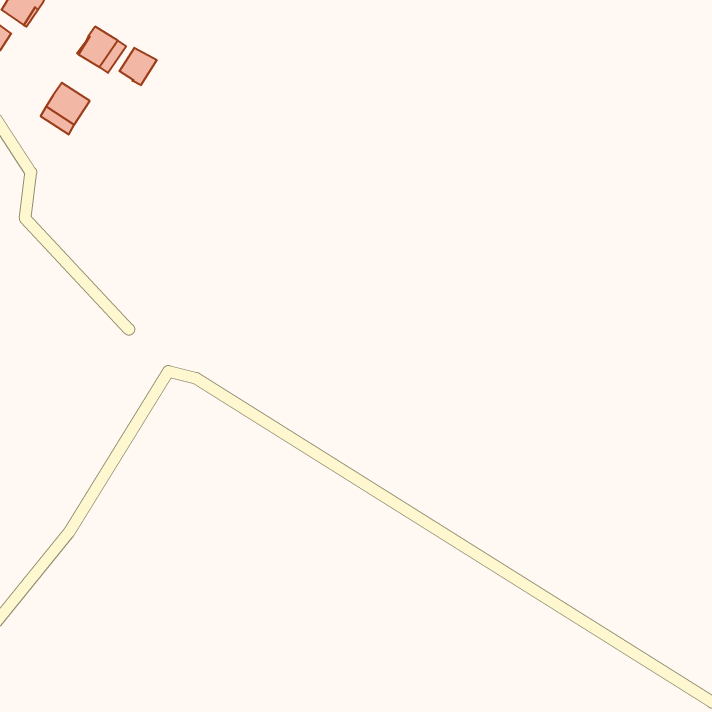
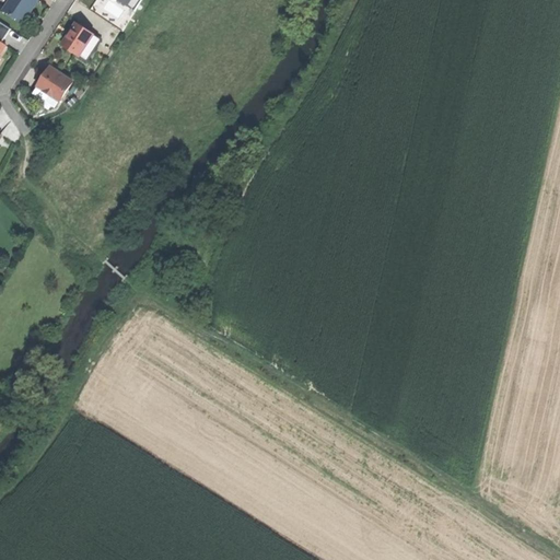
building: [119,48,157,85] -> none

